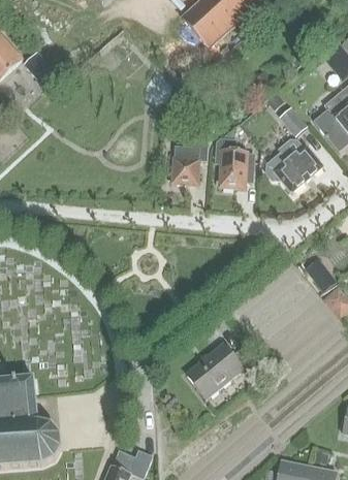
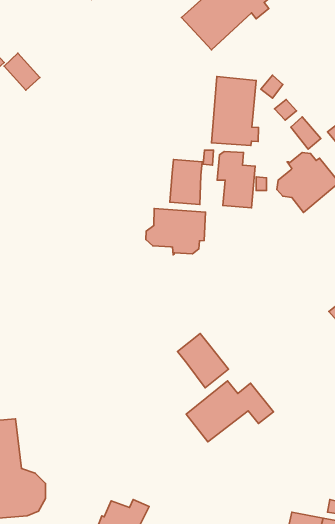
building: none -> [211,77,259,145]
building: none -> [146,208,206,255]
building: none -> [178,333,229,388]

